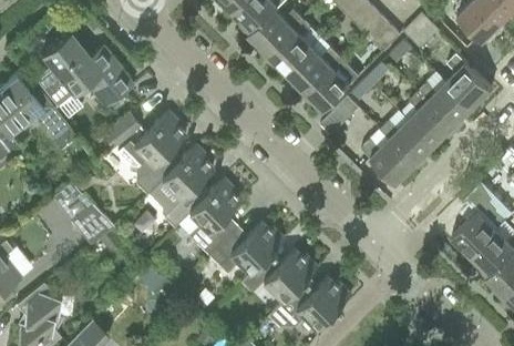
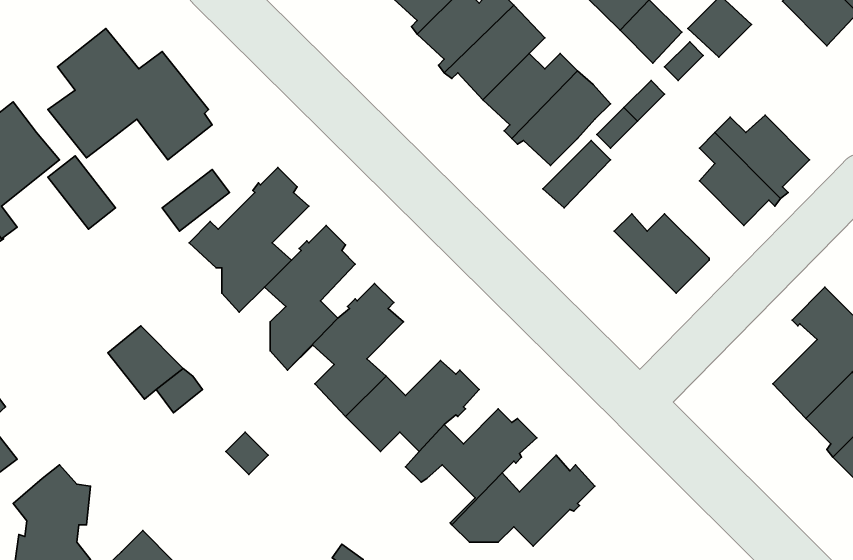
building: [448,53,492,108] -> none
building: [381,120,435,169] -> none

